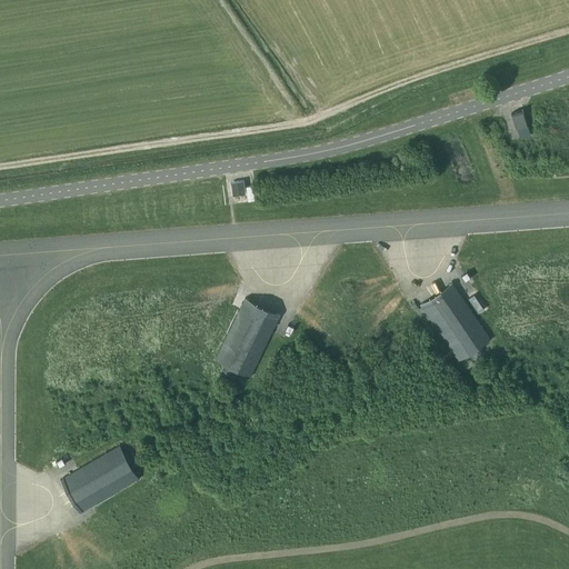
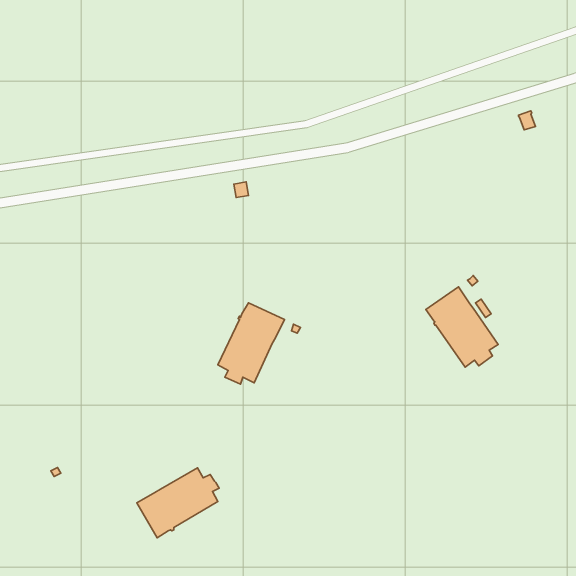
building: [59,446,140,515] -> [137,468,219,538]

